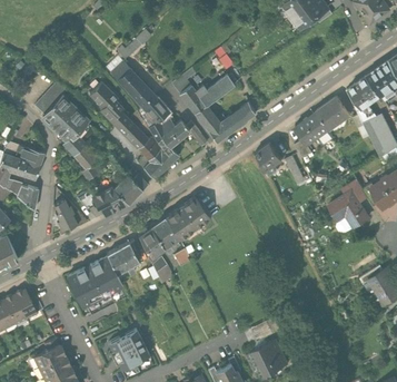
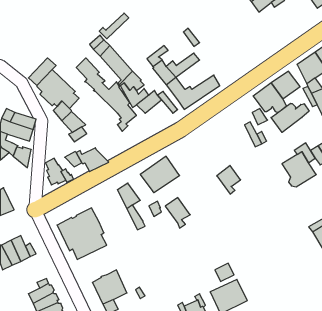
building: none -> [271,103,309,132]
building: [142,136,178,178] -> none
building: [254,143,281,176] -> [217,165,241,194]
building: [112,173,141,203] -> none
building: [149,217,178,253] -> [165,198,190,228]
building: [106,242,138,273] -> none

